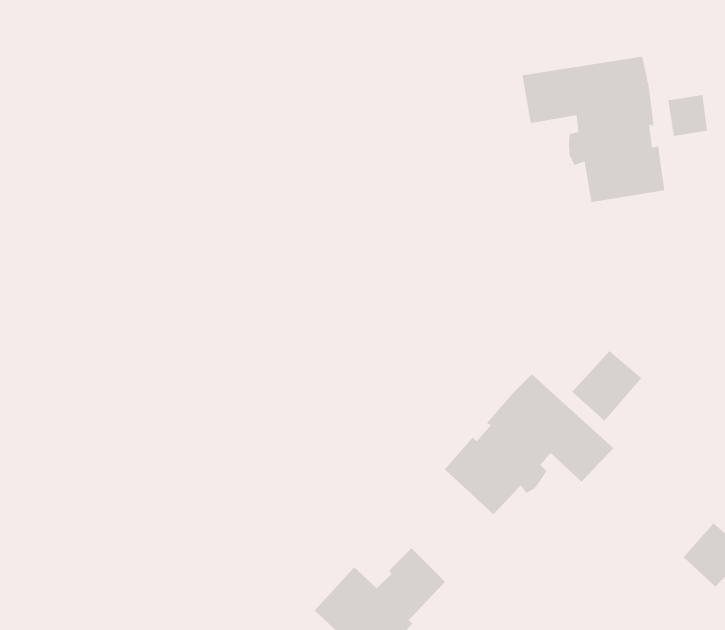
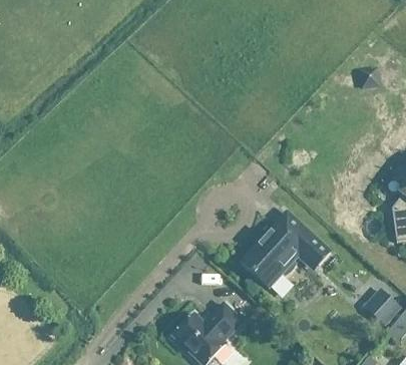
building: [522,56,665,203] -> none
building: [572,350,642,422] -> none

